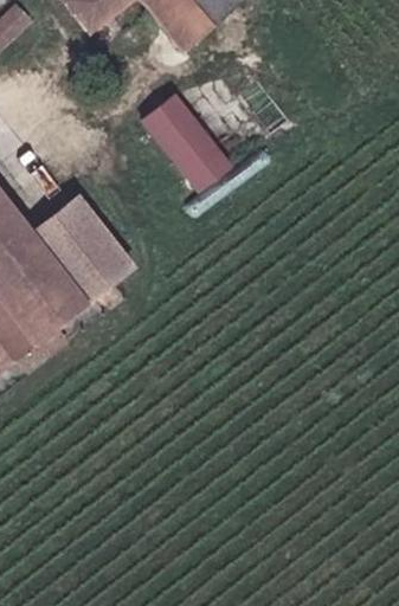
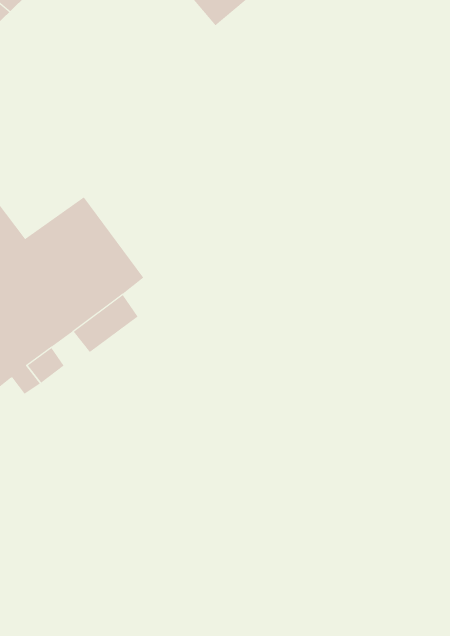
building: [147,98,237,194] -> none

